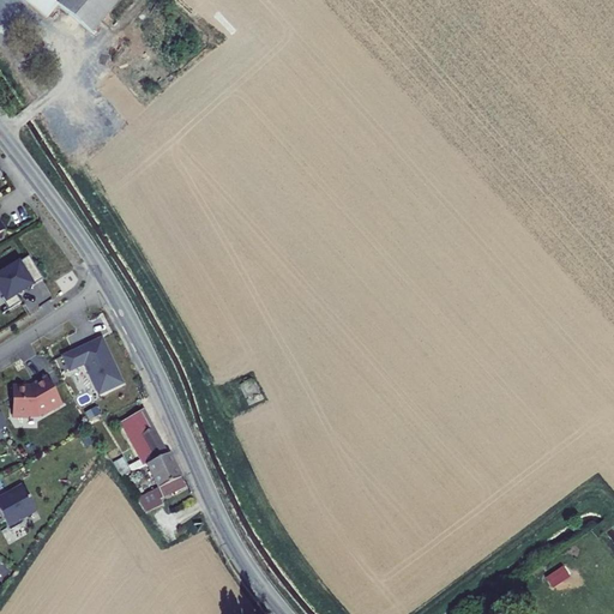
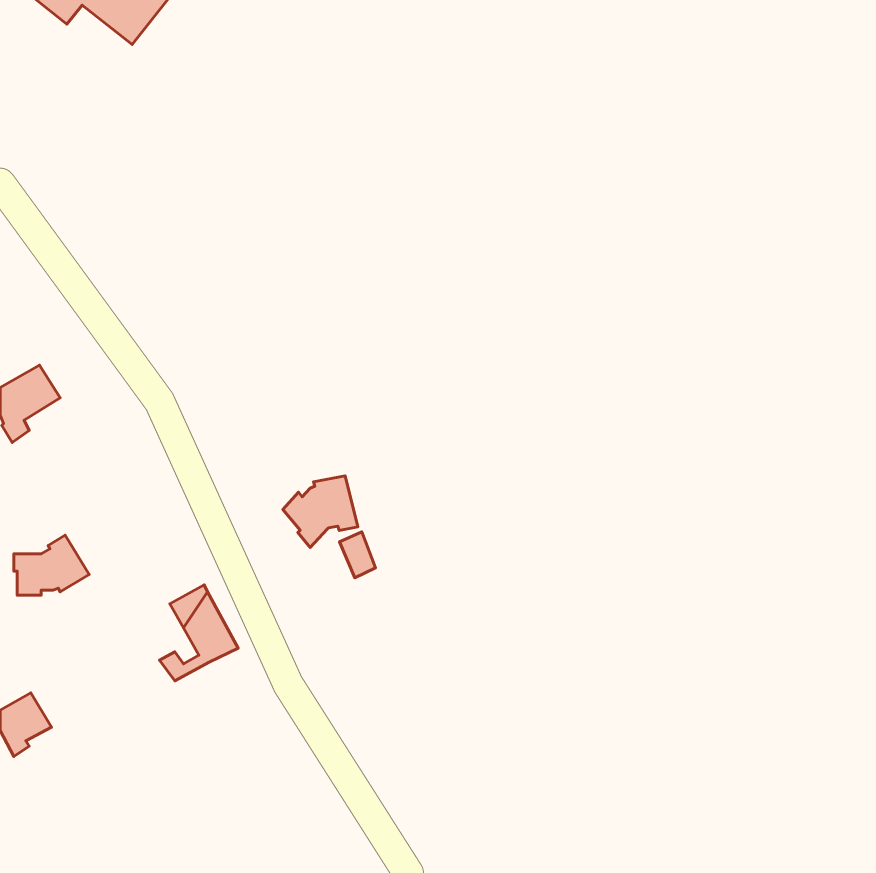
building: none -> [283,476,358,547]
building: [61,337,122,393] -> none
building: [136,452,183,511] -> none

